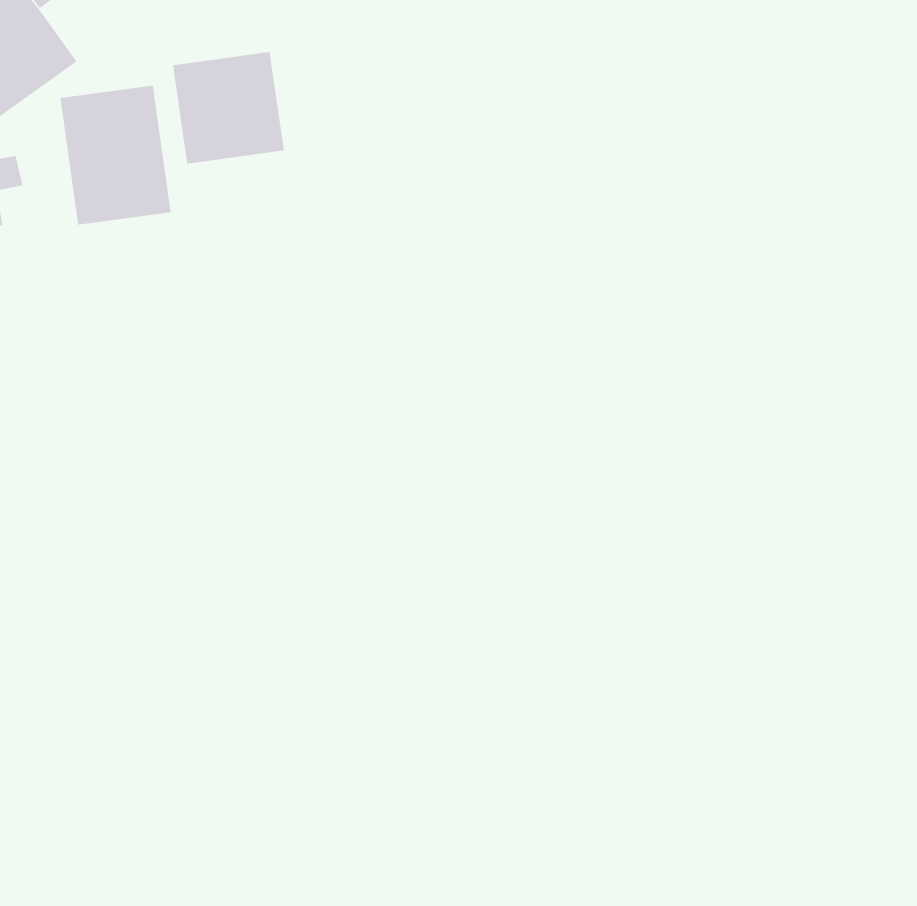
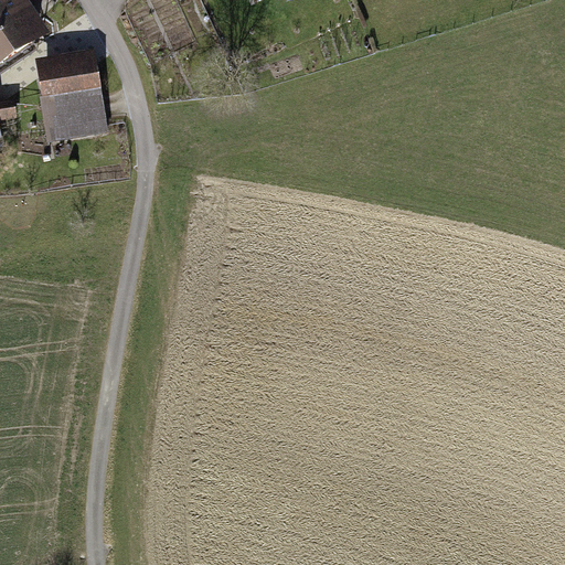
building: [172,51,285,165] -> none

